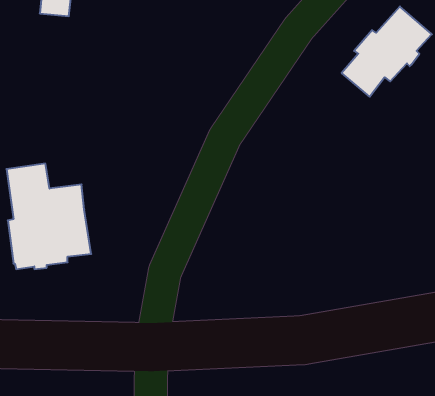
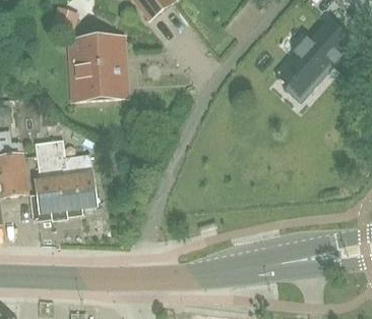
building: none -> [69,35,128,100]

